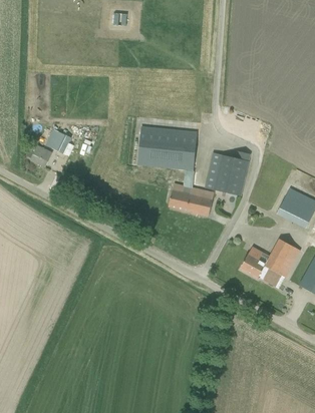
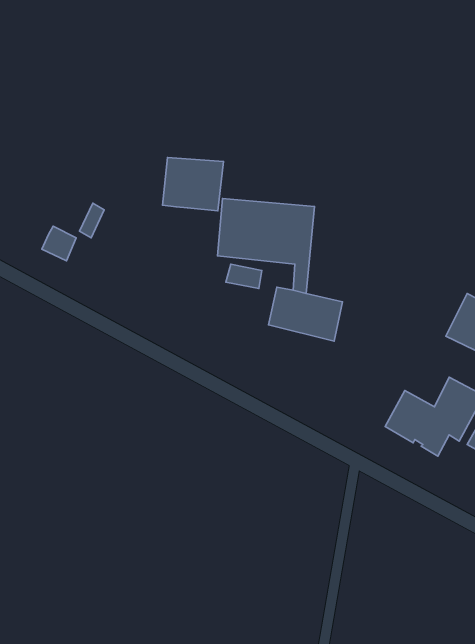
building: none -> [163,157,223,211]
building: [205,148,250,193] -> none

